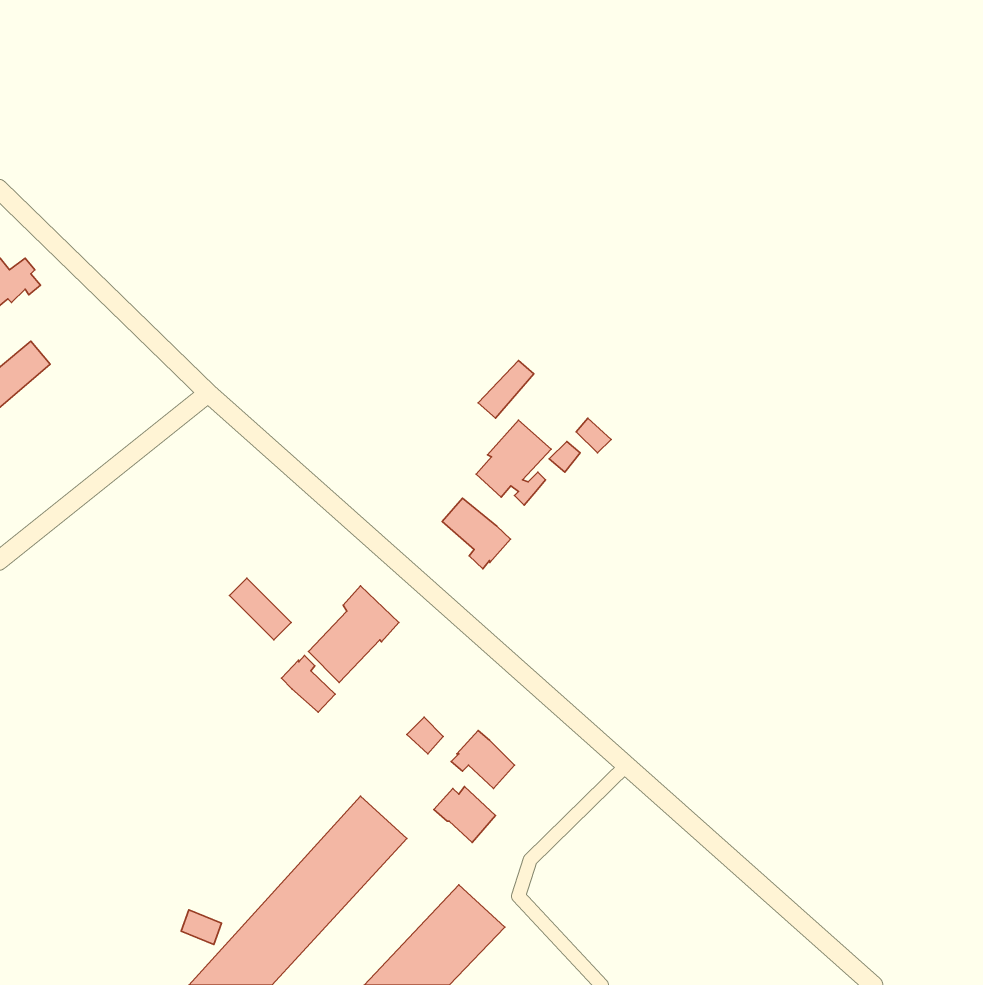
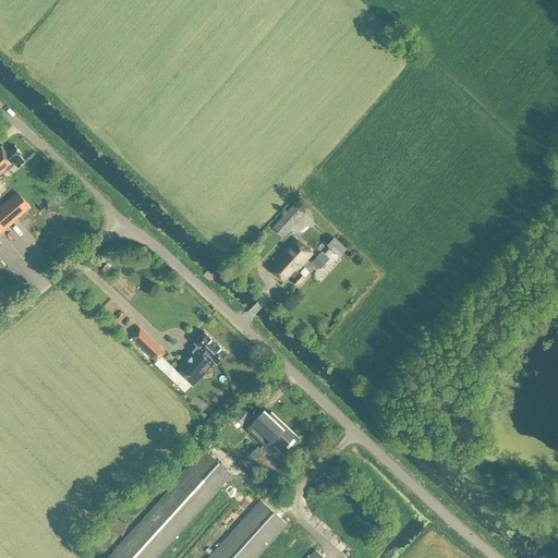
building: [442,498,510,569] -> none
building: [282,655,335,712] -> none

